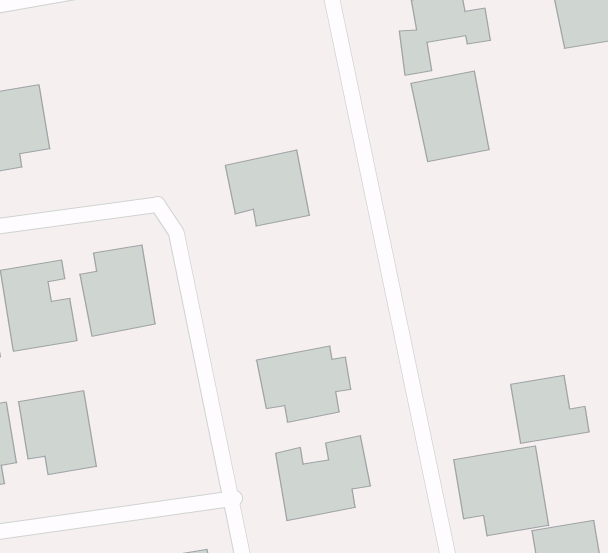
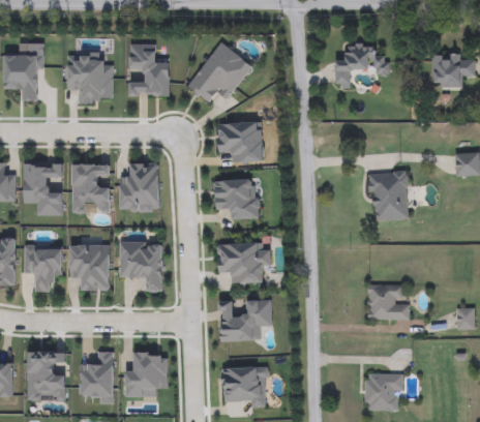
building: none -> [186,41,253,104]
building: none -> [128,43,169,96]
building: [411,71,489,162] -> [368,171,409,220]
building: none -> [213,179,259,219]
building: none -> [119,241,162,293]
building: [454,446,549,536] -> none

